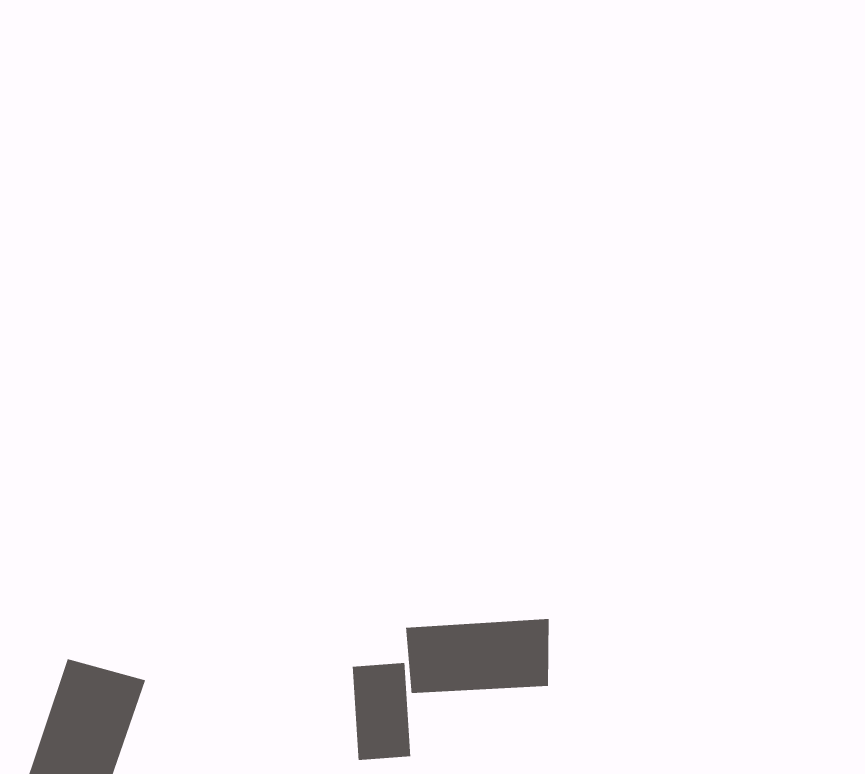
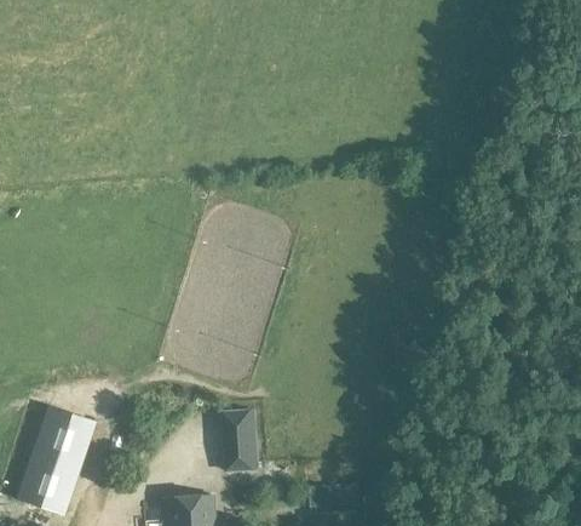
building: [405,618,549,694] -> none

